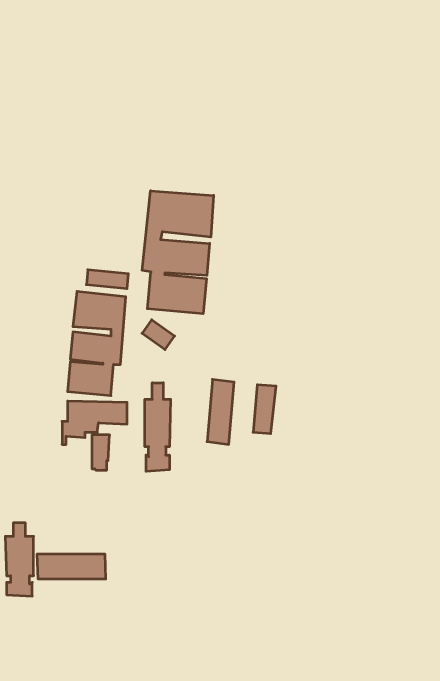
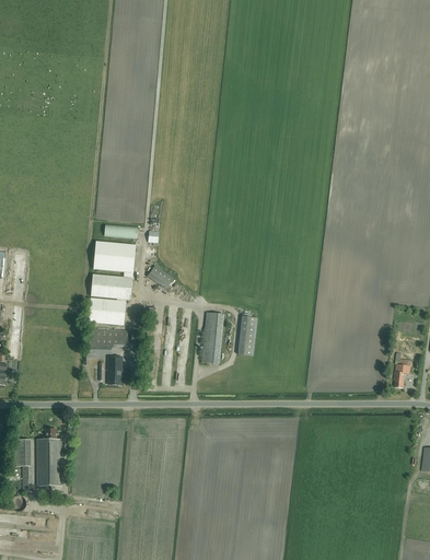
building: [142,191,214,314] -> none
building: [145,383,171,471] -> none
building: [37,554,106,579] -> none

